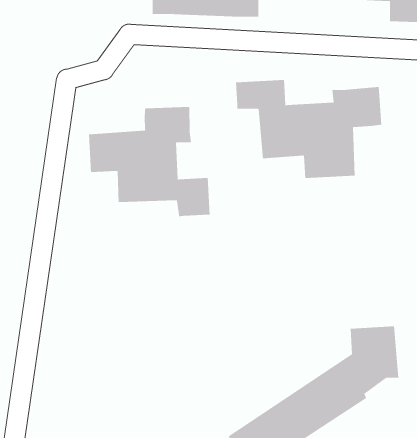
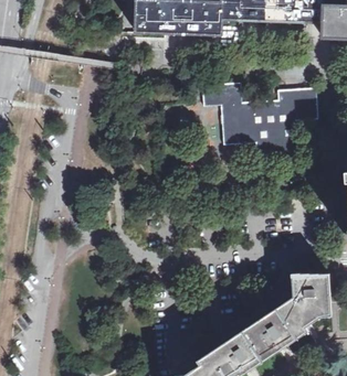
building: [88,106,210,217] -> none

